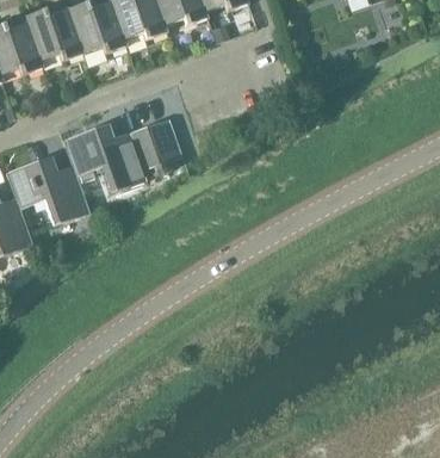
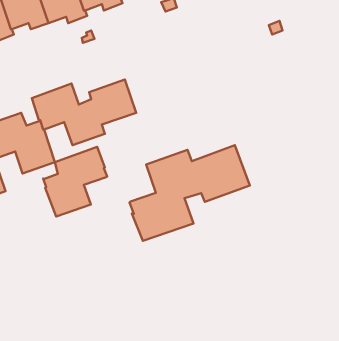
building: none -> [129,145,250,241]
building: none -> [43,147,107,217]

